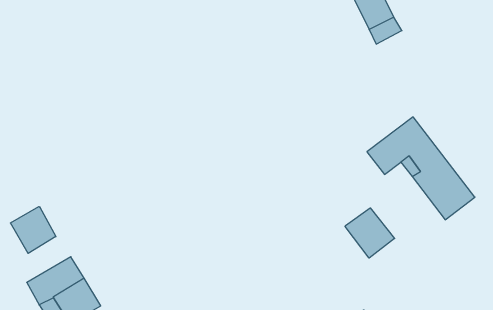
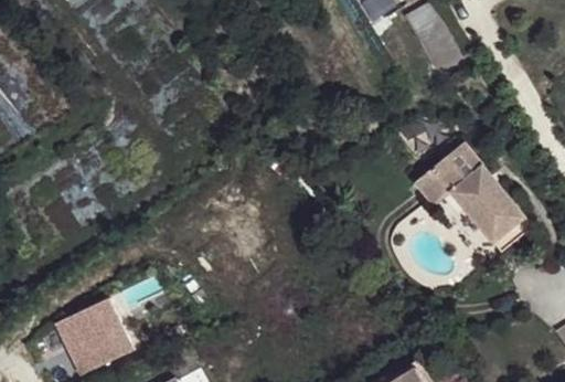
building: [10,207,56,253] -> none
building: [345,208,395,258] -> none

